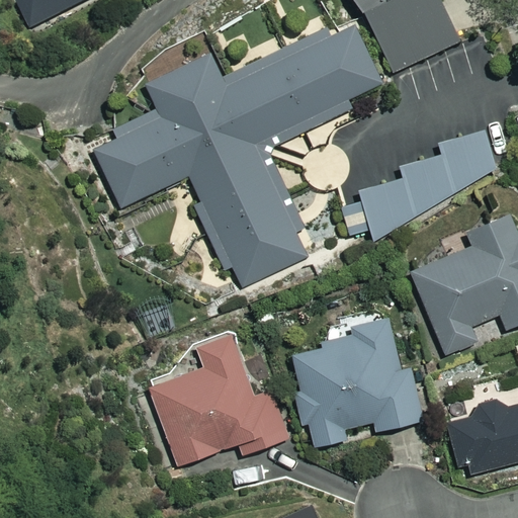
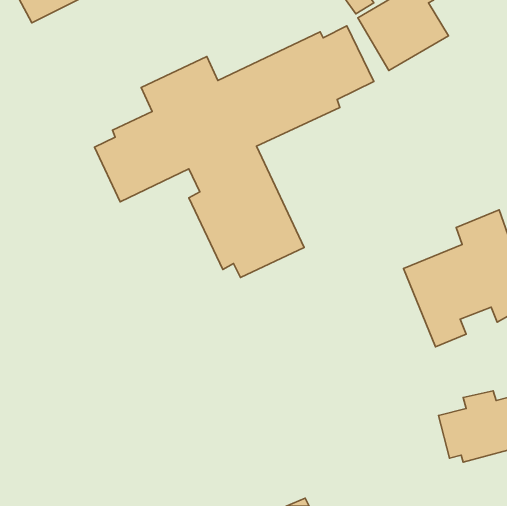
building: [359,130,497,237] -> none
building: [294,315,426,447] -> none
building: [151,331,287,464] -> none

